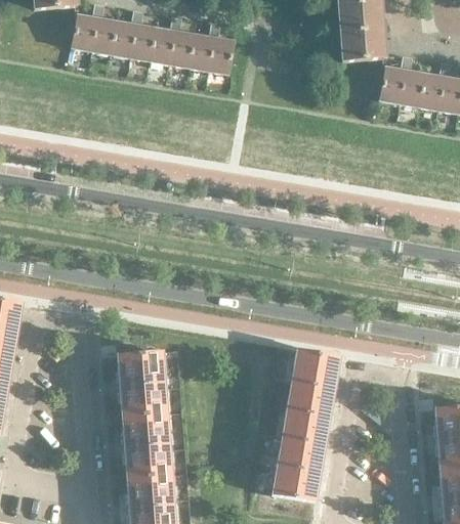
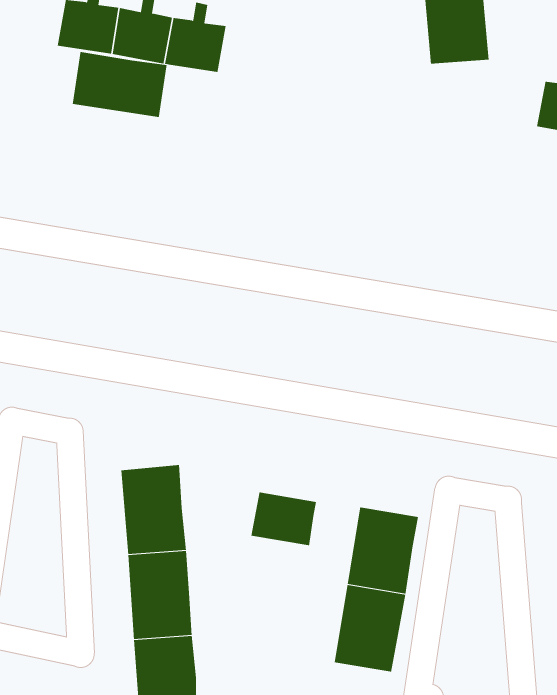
building: [189,23,235,74] -> none
building: none -> [72,51,167,118]
building: [380,55,425,105] -> none
building: [291,349,339,388] -> [250,492,317,546]

